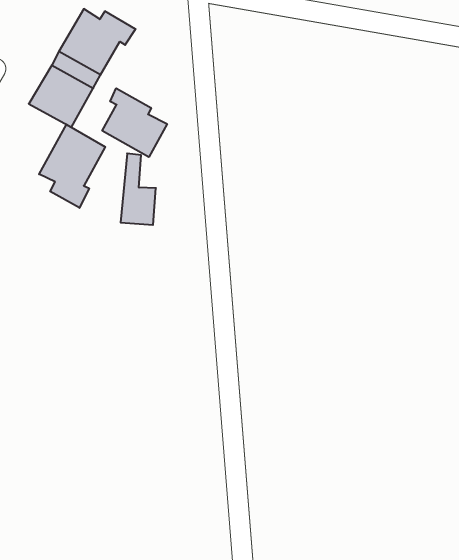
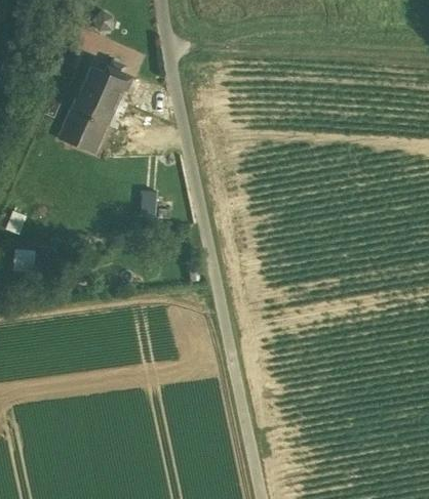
building: [102,88,167,157] -> none
building: [39,124,105,208] -> none

